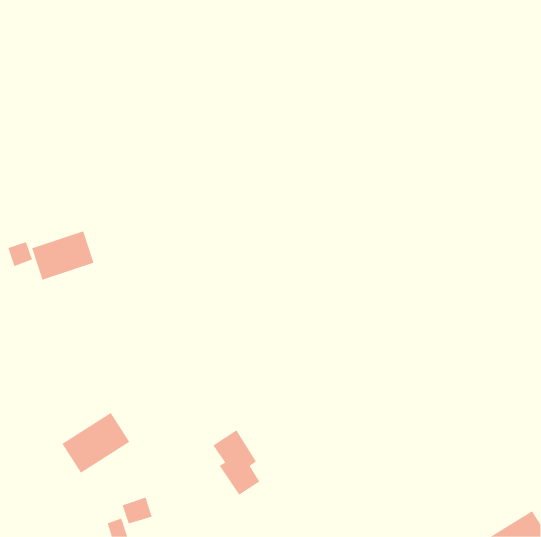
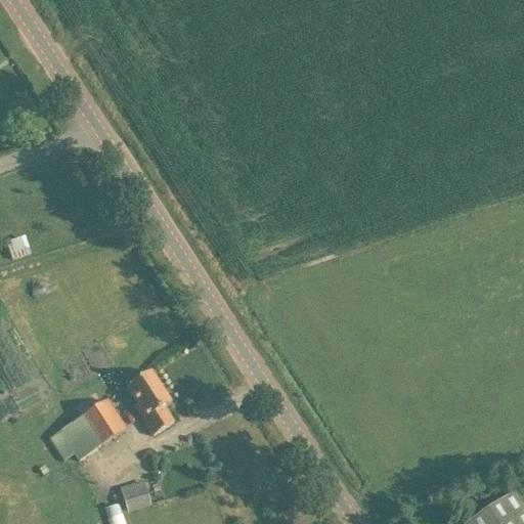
building: [31,231,94,281] -> none
building: [212,430,260,495] -> [128,369,174,433]

